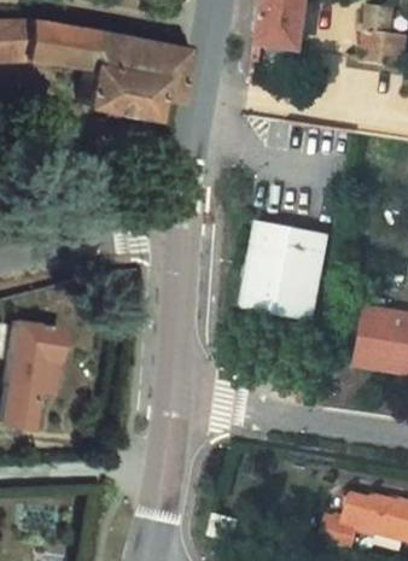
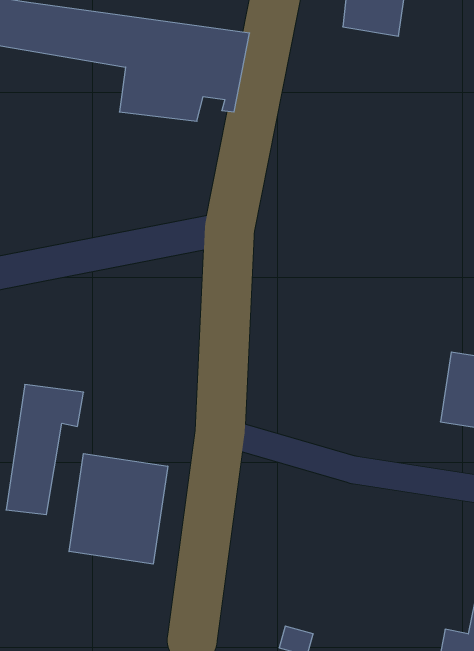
building: [234,208,322,309] -> none
building: none -> [69,454,168,564]

